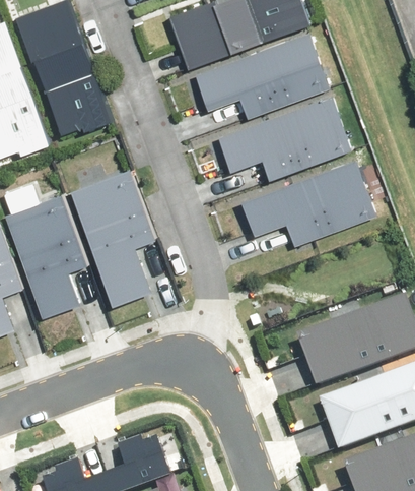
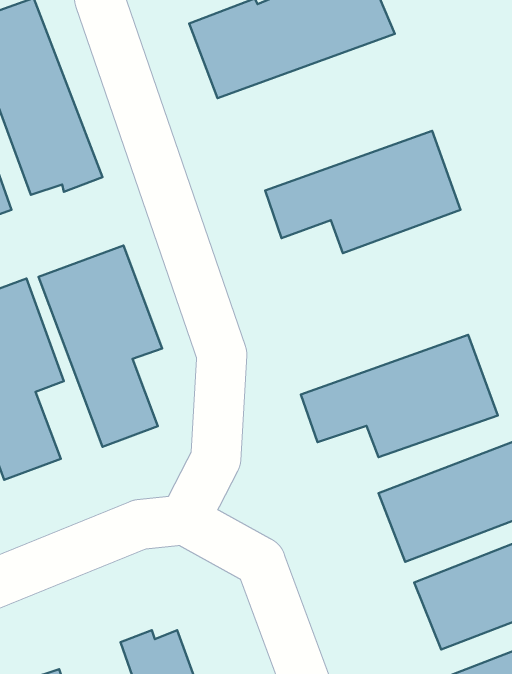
building: [197,36,331,119] -> none
building: [245,158,378,241] -> [301,335,498,457]

